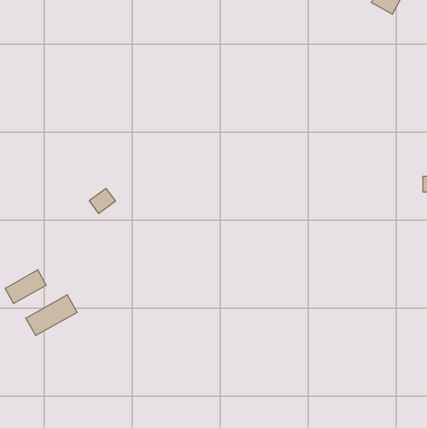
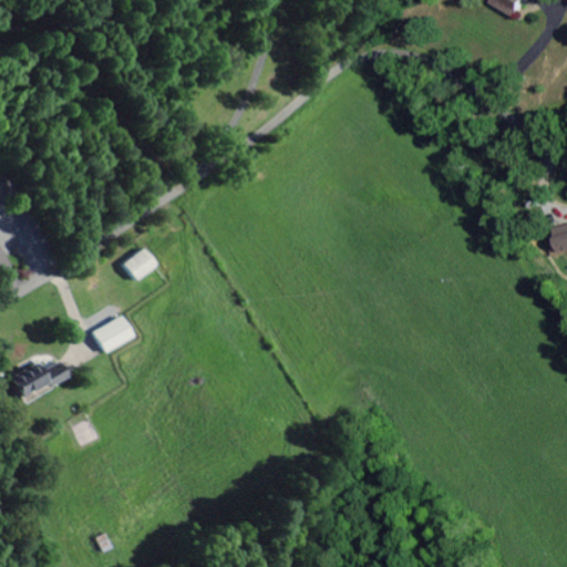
building: none -> [92,316,132,351]
building: [26,295,77,336] -> none

